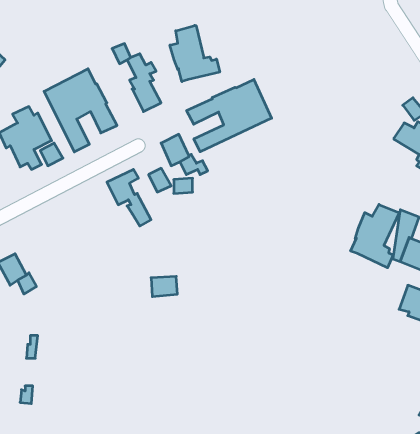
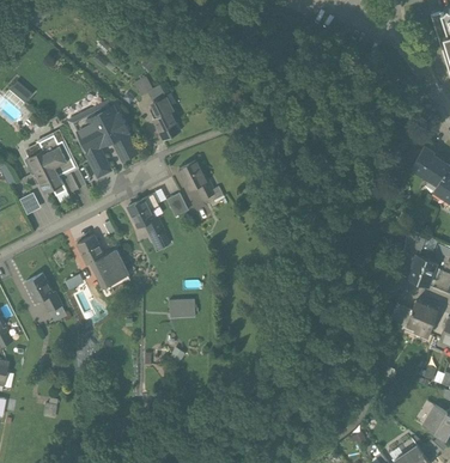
building: [170,25,220,82] -> none
building: [187,79,272,152] -> none
building: [351,204,399,268] -> none
building: none -> [77,236,129,285]

